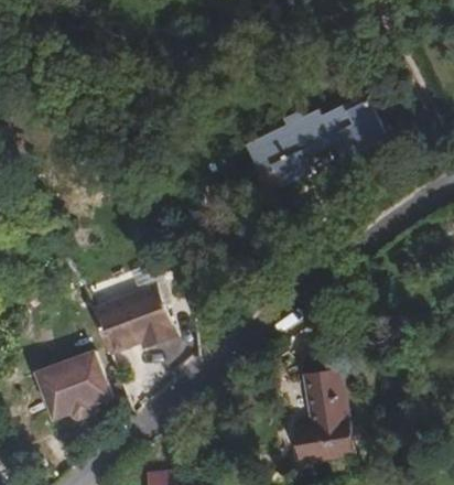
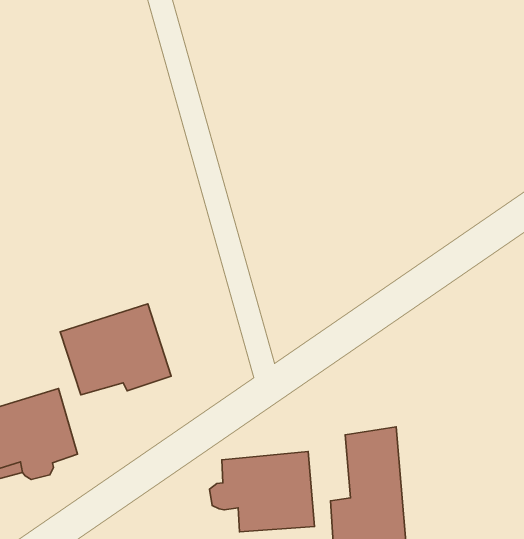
building: [247,95,386,180] -> none
building: none -> [210,452,315,532]

